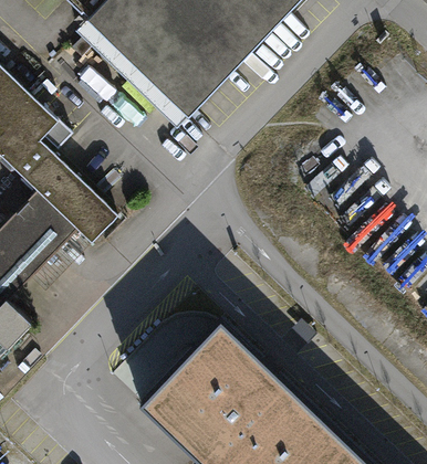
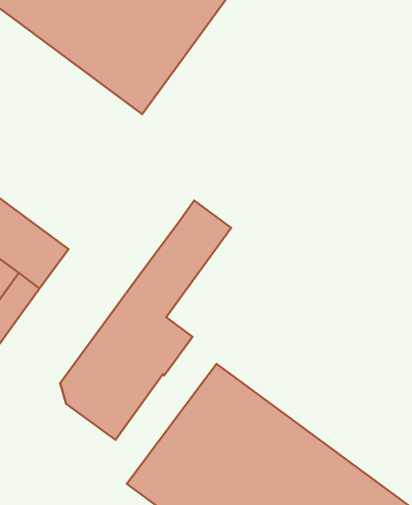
building: none -> [60,201,231,440]

